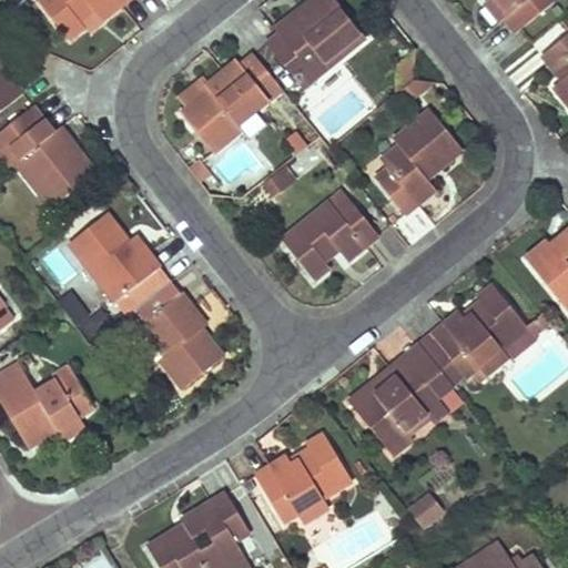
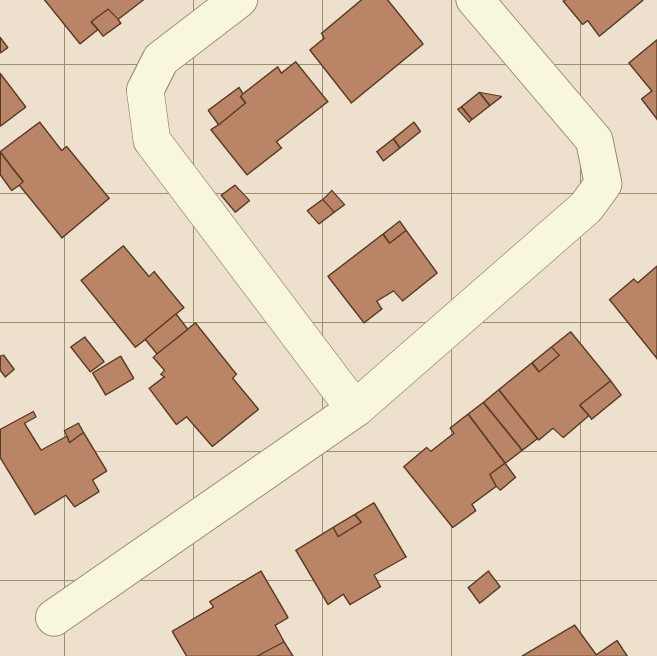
building: [377,113,462,215] -> none

